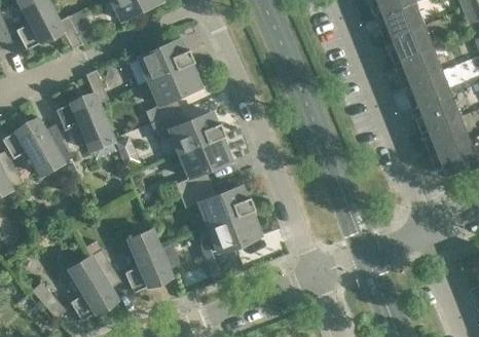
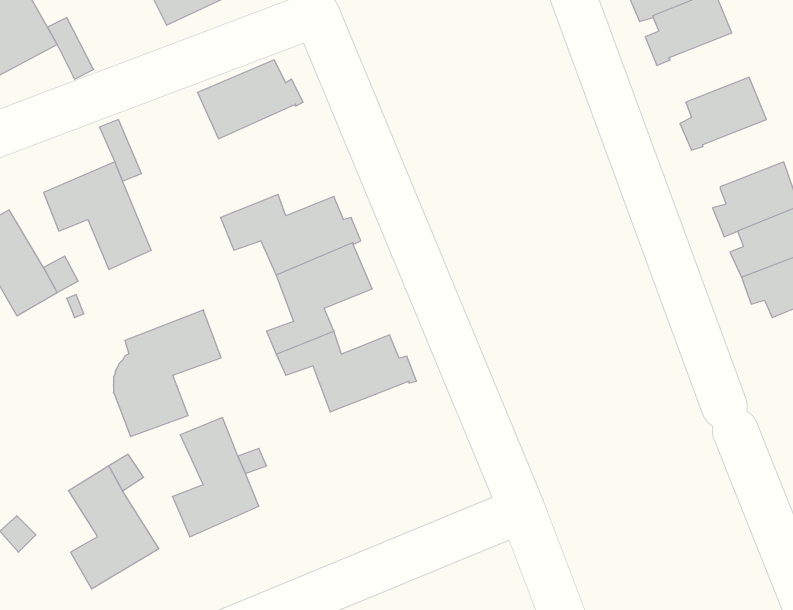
building: [388,25,434,65] -> none
building: [146,63,201,123] -> none
building: [406,71,452,111] -> none
building: [204,211,261,278] -> [113,310,221,437]

